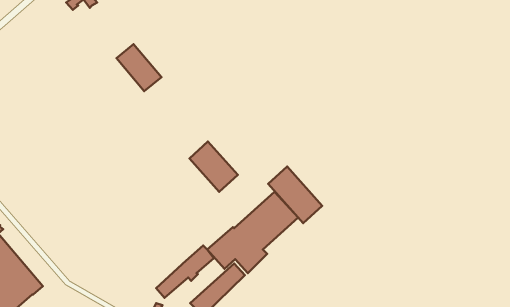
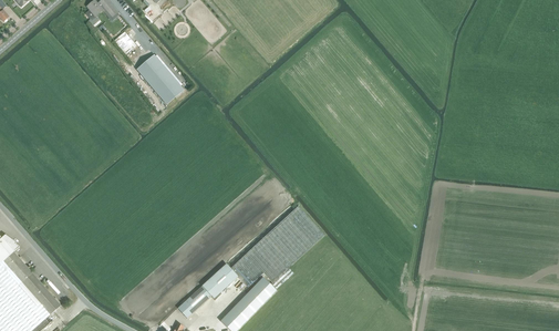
building: [189,141,238,192] -> none
building: [268,166,322,223] -> none

